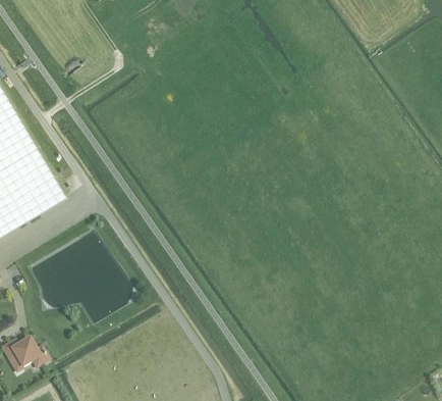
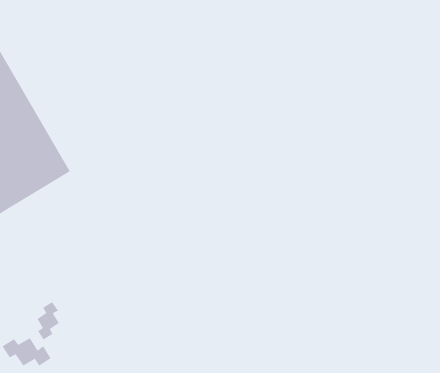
building: none -> [36,301,60,340]

